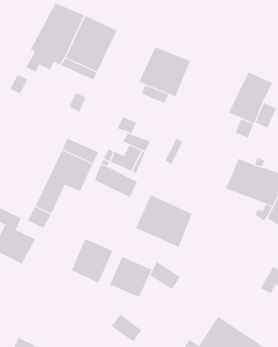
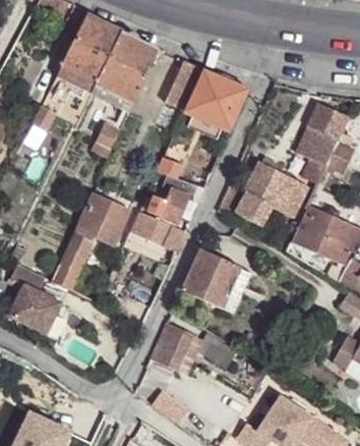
building: none -> [166,62,204,113]
building: none -> [235,161,314,224]
building: [71,238,113,284] -> none

